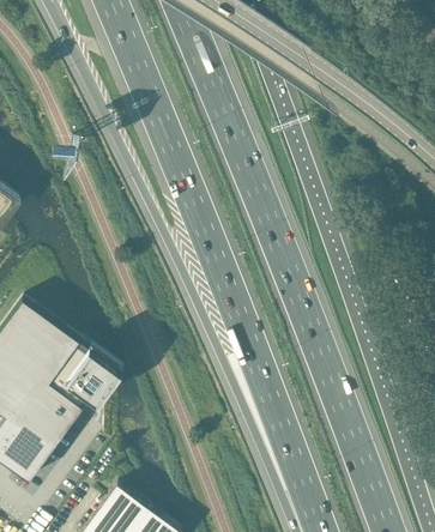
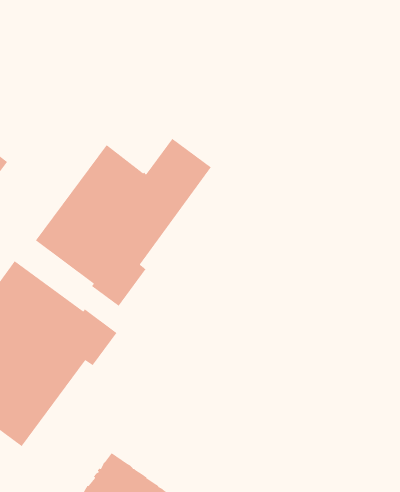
building: none -> [35,138,212,307]

